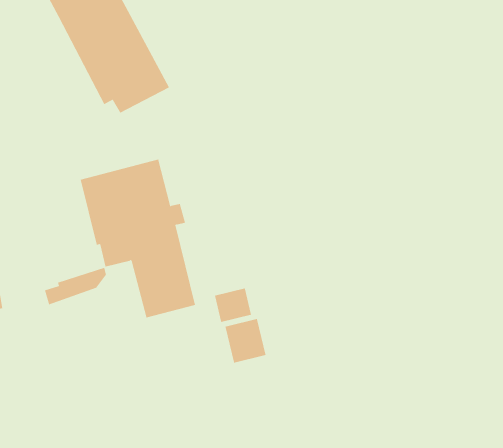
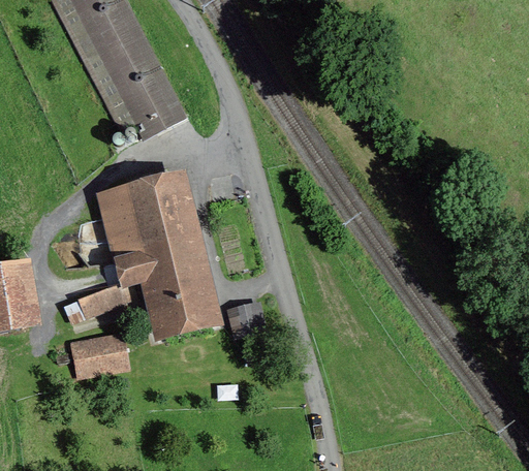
building: [225,318,266,363] -> none
building: none -> [70,335,124,378]

